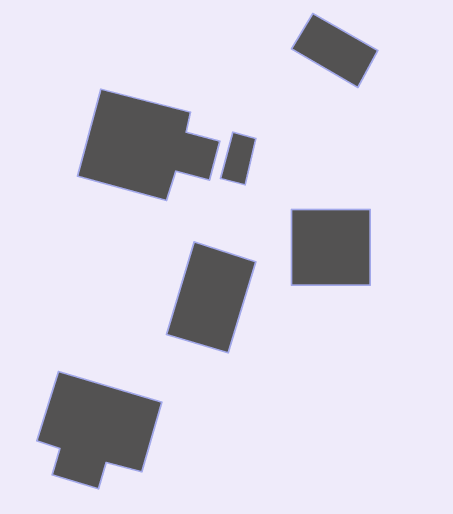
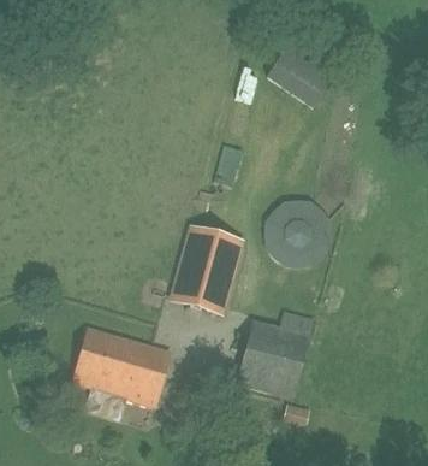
building: [78,89,220,200] -> none
building: none -> [234,318,310,399]

